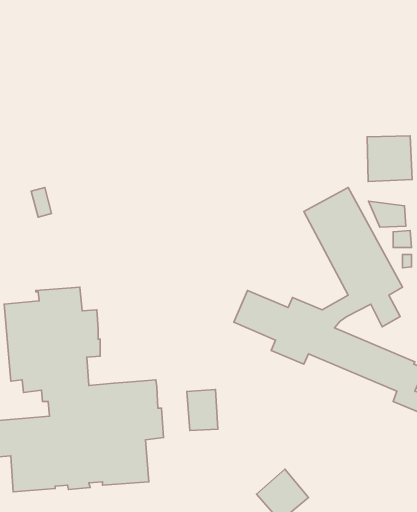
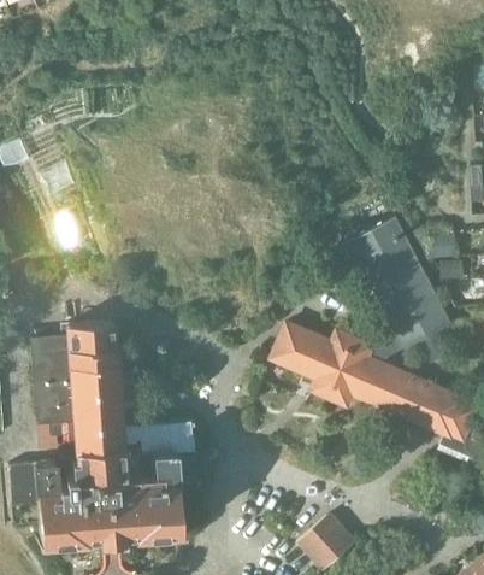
building: [367,136,412,182] -> none
building: [187,389,218,431] -> none

